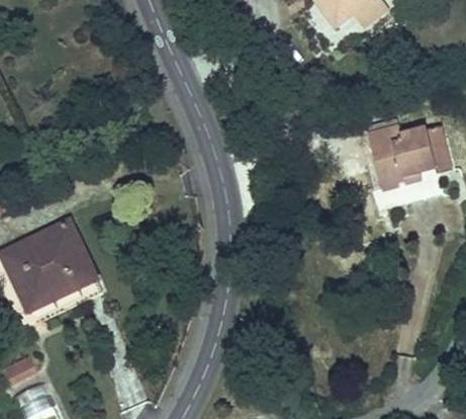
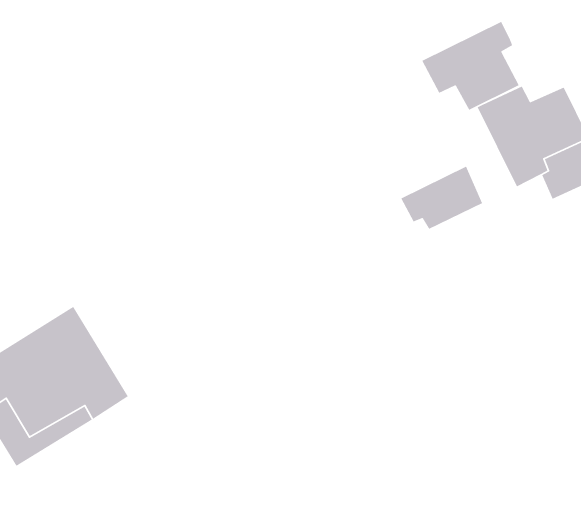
building: none -> [421,21,520,111]
building: none -> [400,166,483,230]

